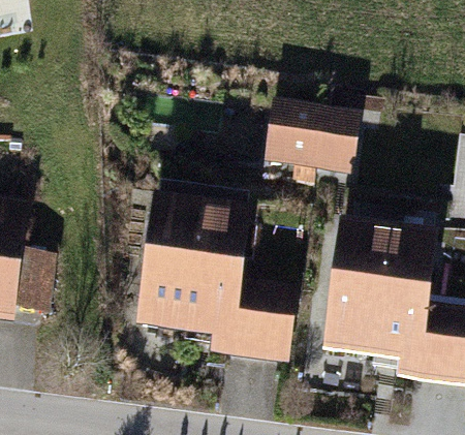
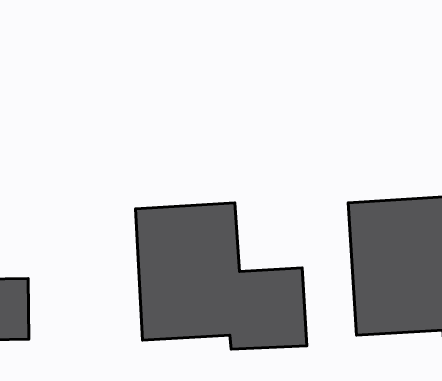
building: [266,101,359,170] -> none

